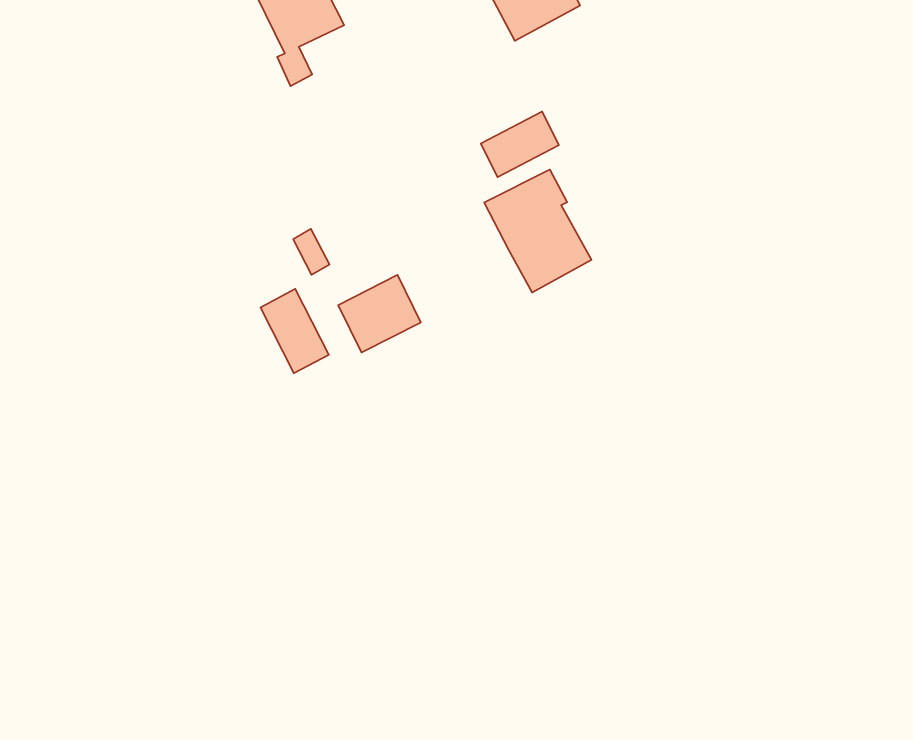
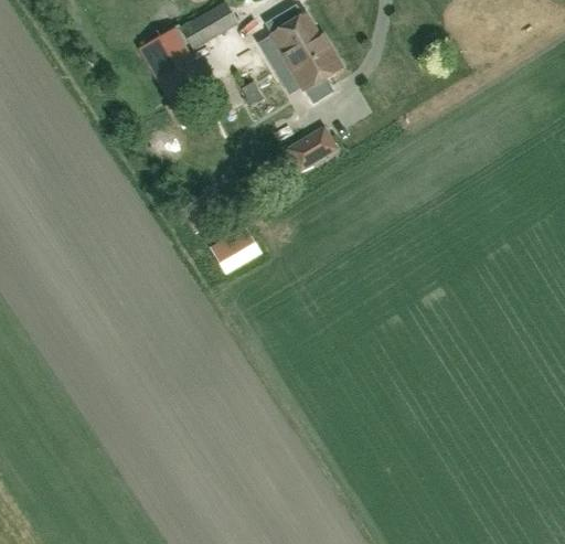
building: [484,169,592,293] -> none
building: [260,289,329,373] -> none

